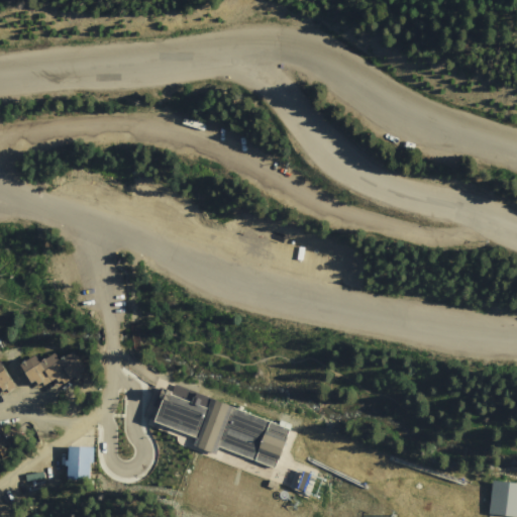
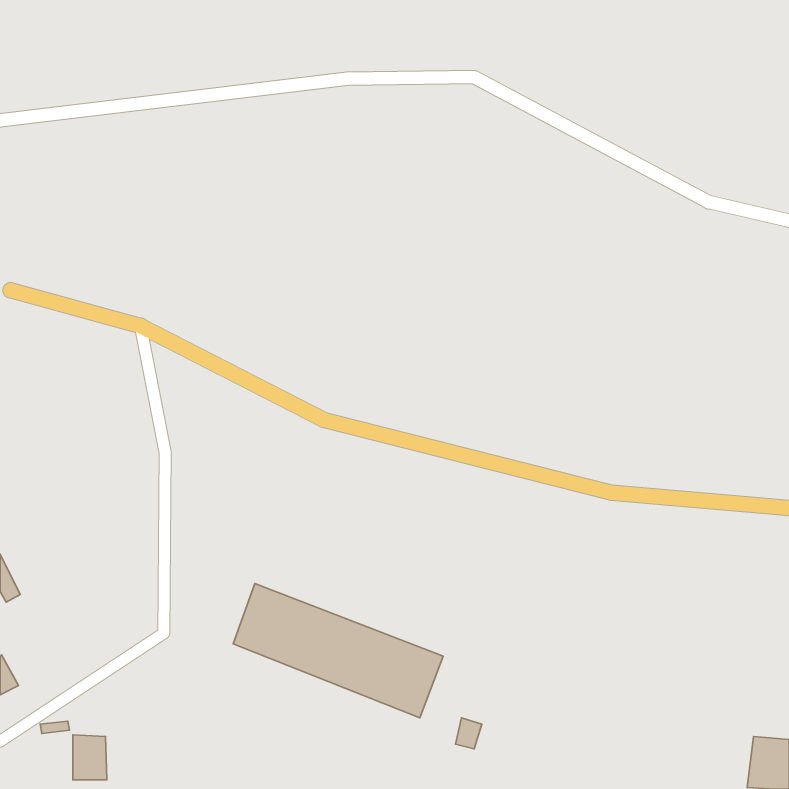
building: [18,353,81,393] -> none
building: [69,445,91,475] -> [73,735,107,780]

